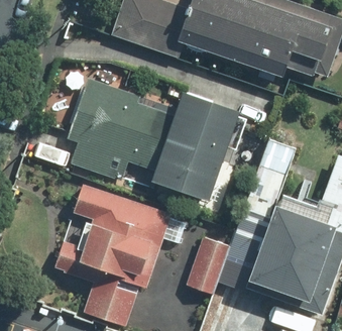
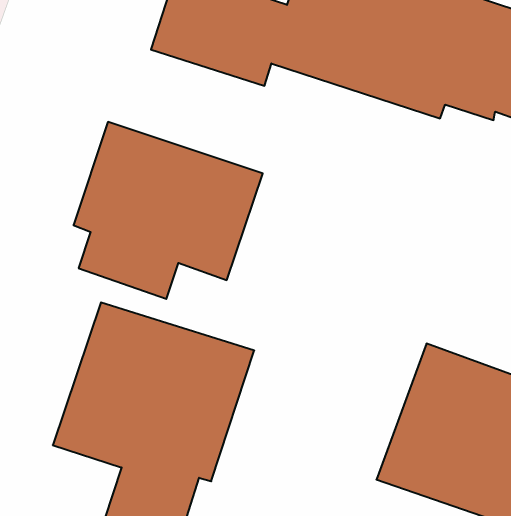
building: [152,91,246,199] -> none
building: [186,236,230,295] -> none

